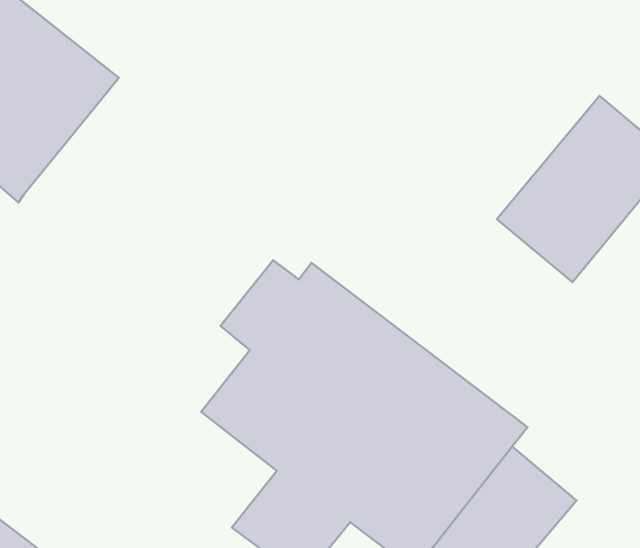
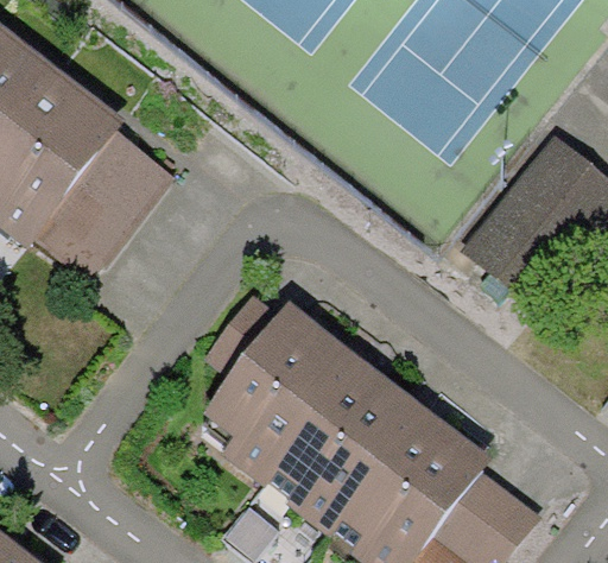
building: none -> [27,138,163,279]

